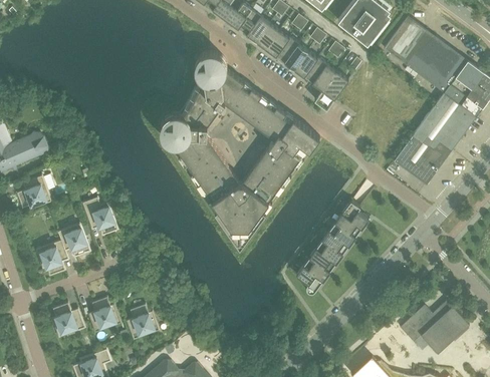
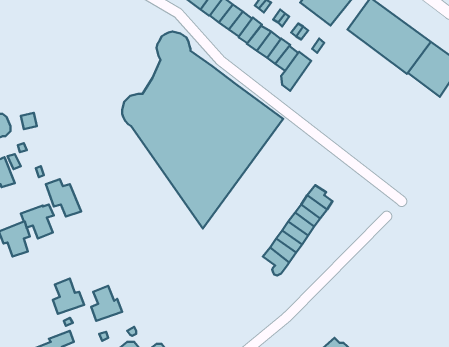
building: [394,91,476,183] -> none
building: [400,300,469,353] -> none
building: [52,303,84,337] -> none

